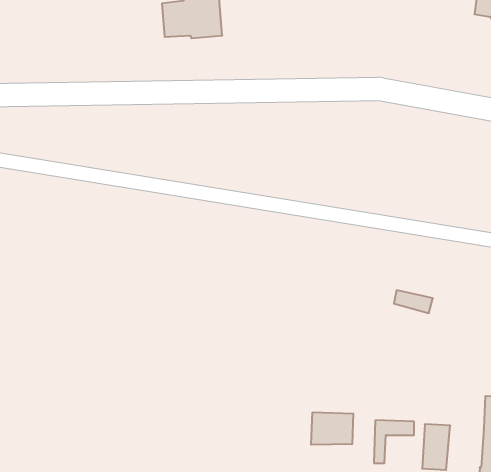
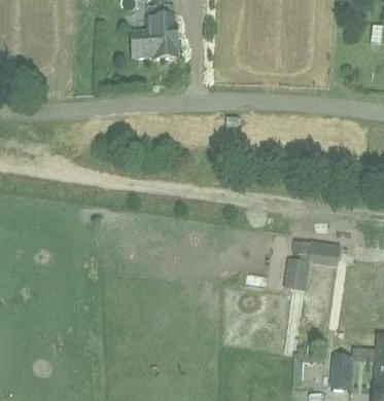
building: none -> [283,260,306,290]
building: [311,412,353,445] -> none

